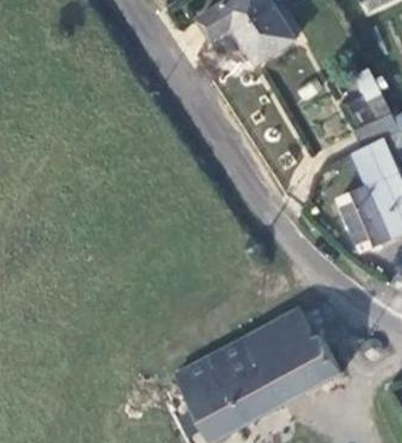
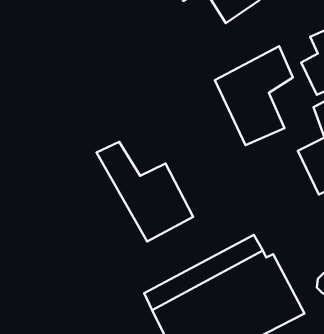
building: none -> [215,46,293,145]
building: none -> [96,142,193,241]

